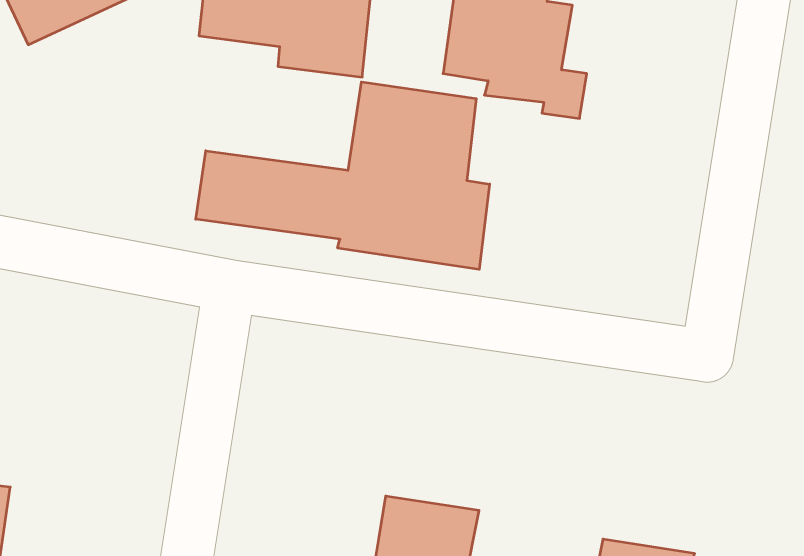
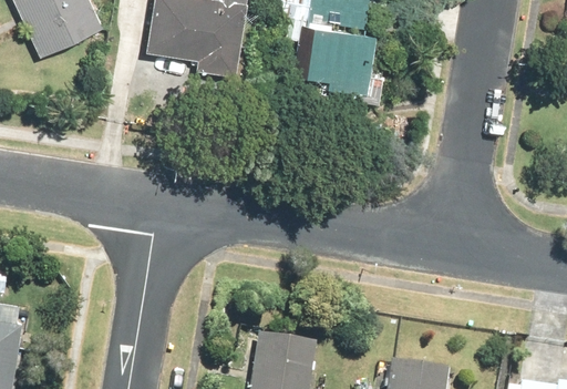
building: [196,82,490,269] -> none

